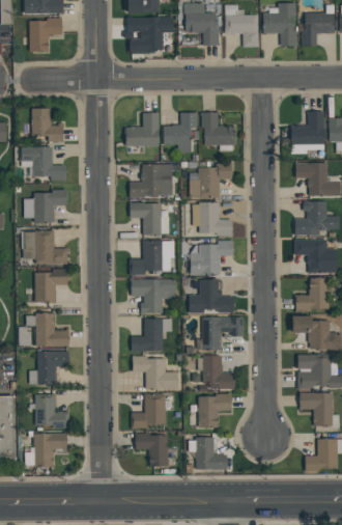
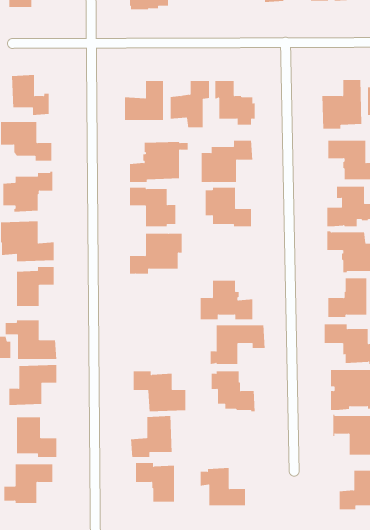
building: [190,240,233,275] -> none
building: [130,279,177,313] -> none
building: [132,319,172,352] -> none
building: [198,394,231,427] -> none

